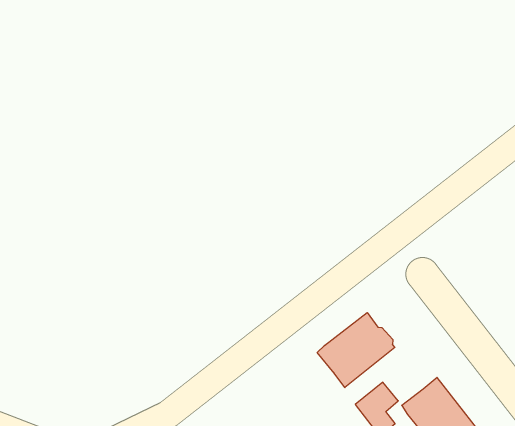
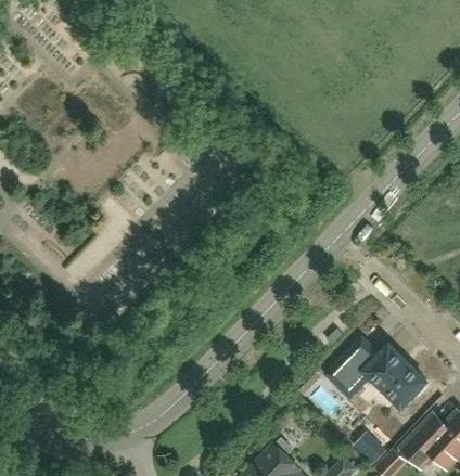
building: [317,313,395,388] -> none

